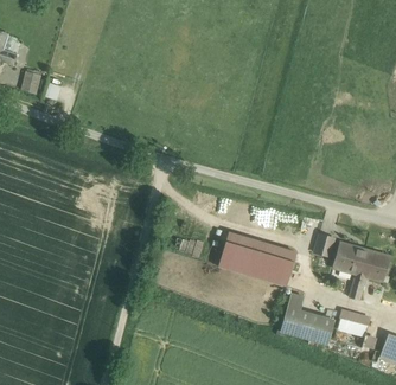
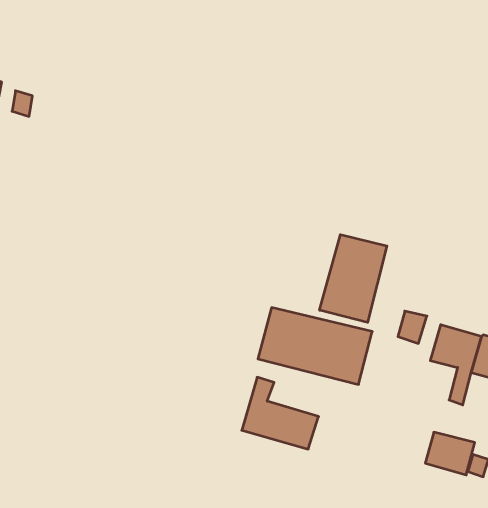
building: none -> [320,235,387,322]
building: [281,293,334,342] -> [242,377,319,449]

